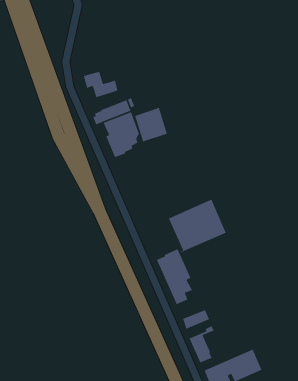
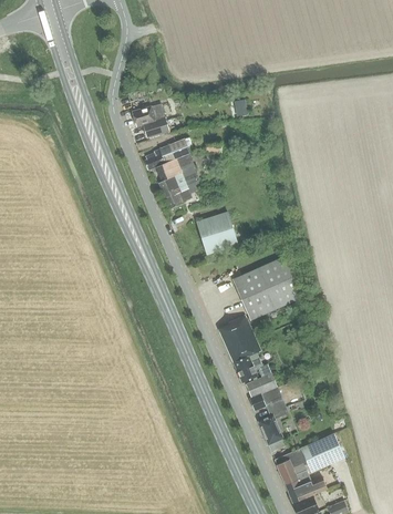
building: [134,107,168,143] -> [197,210,237,253]
building: none -> [246,362,277,395]

